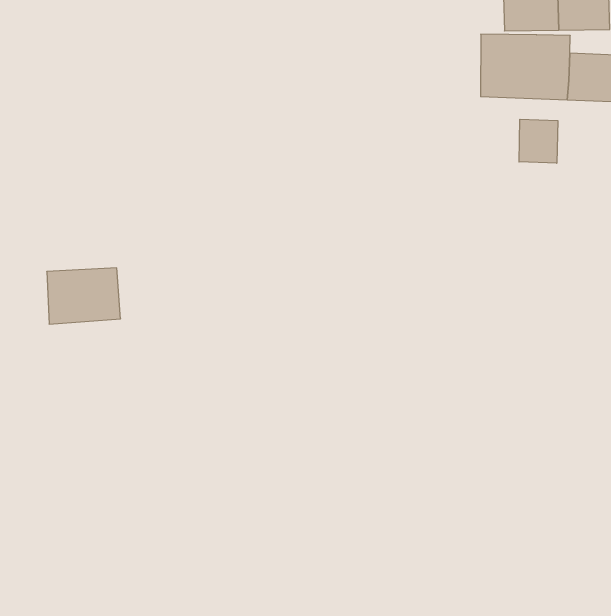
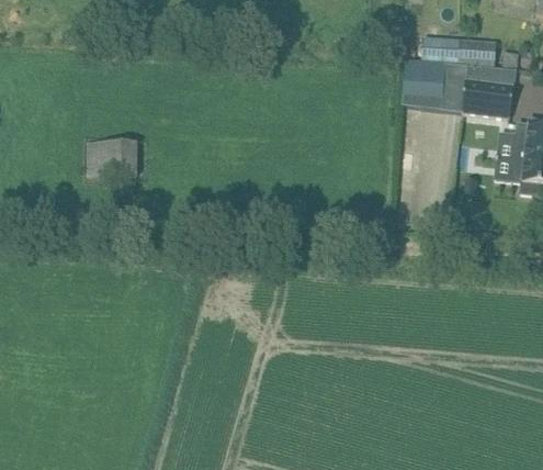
building: [519,119,558,163] -> none
building: [47,268,121,324] -> [88,141,137,177]

